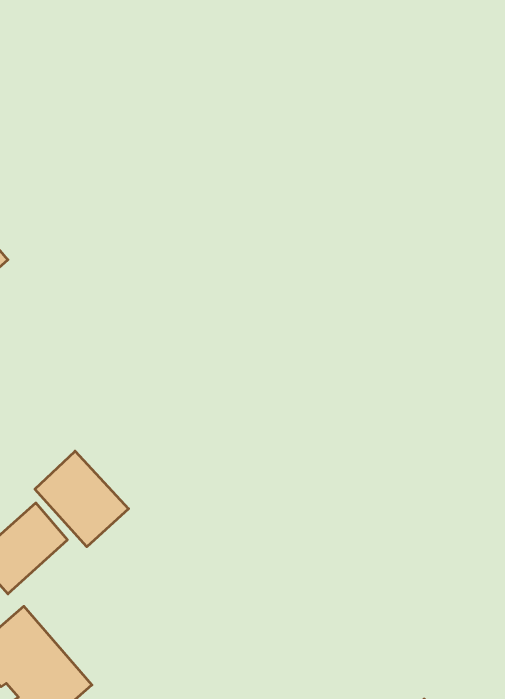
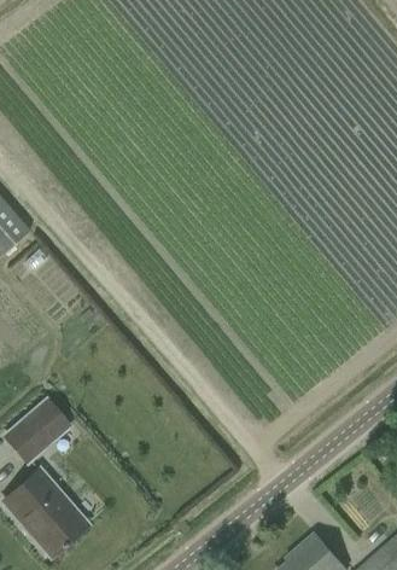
building: [35,451,129,547] -> none

